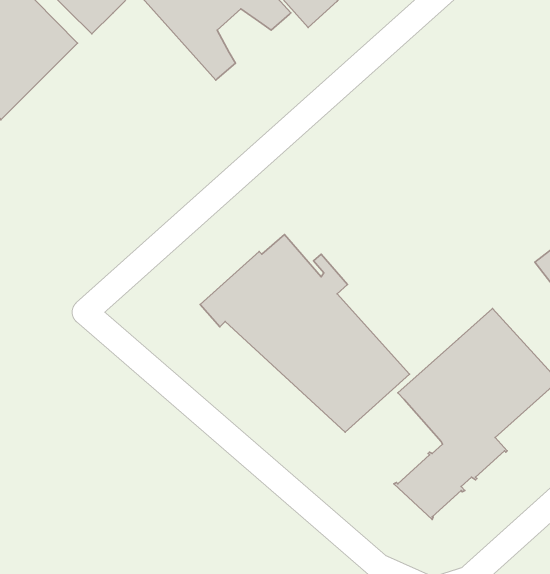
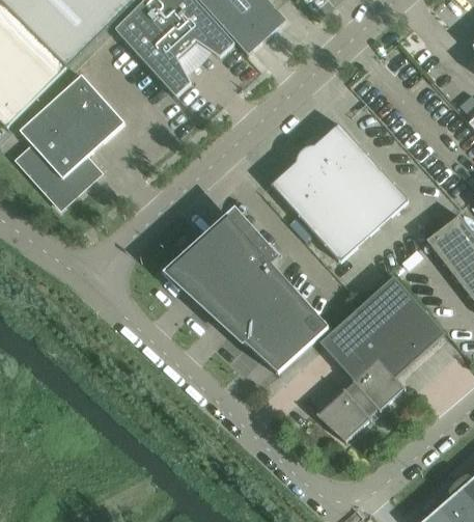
building: none -> [18,74,126,208]
building: none -> [272,122,409,260]

